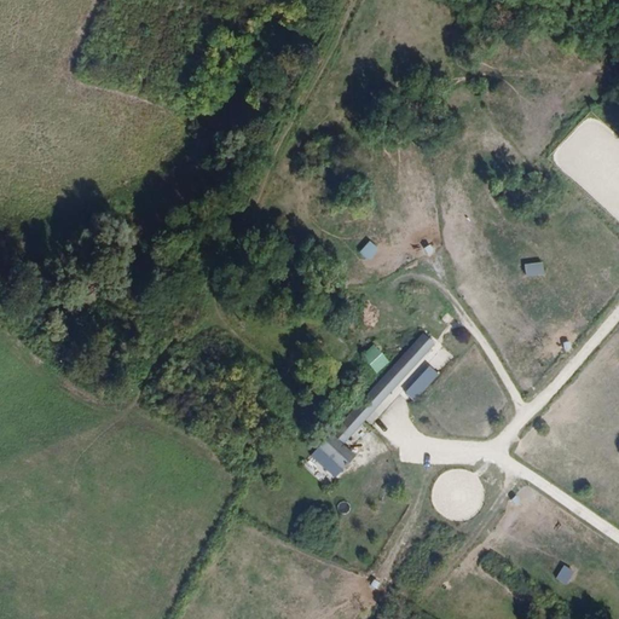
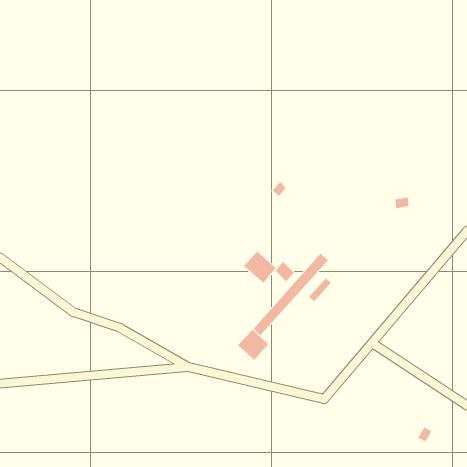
building: none -> [243,251,276,284]

